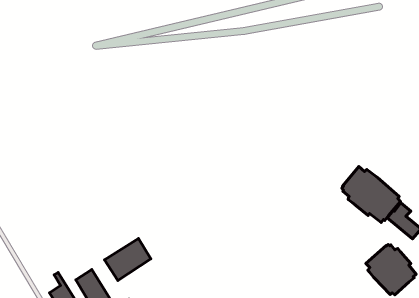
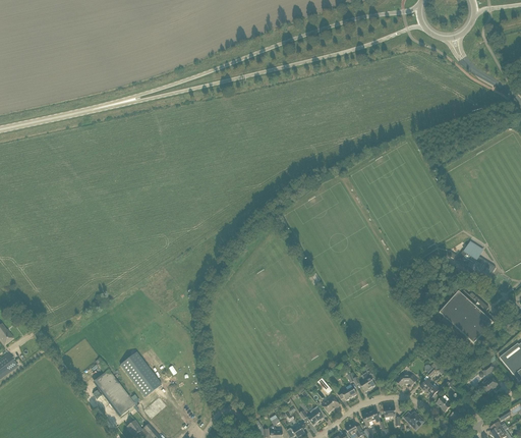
building: [342,166,401,223] -> none
building: [105,239,151,280] -> none

